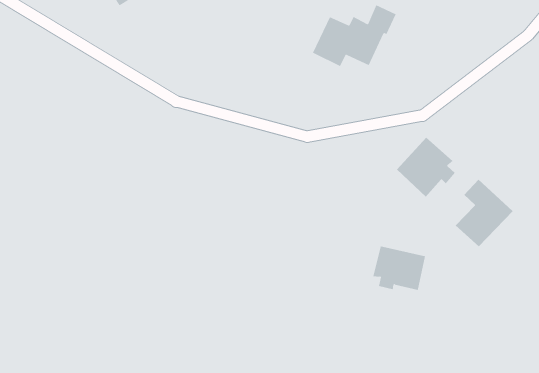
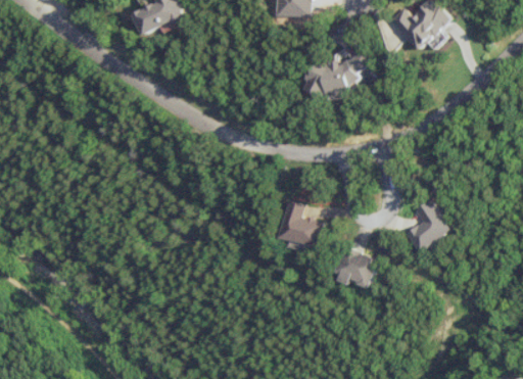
building: [396,137,456,197] -> none
building: none -> [278,200,322,246]

